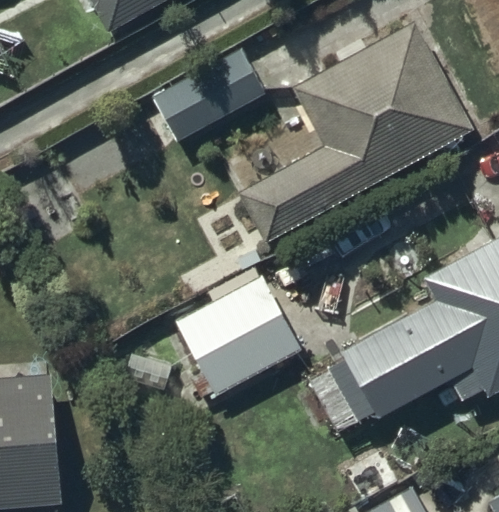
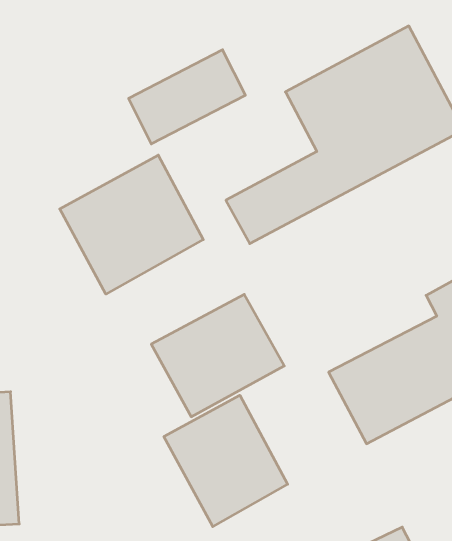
building: none -> [60,155,203,294]
building: none -> [164,395,288,527]

